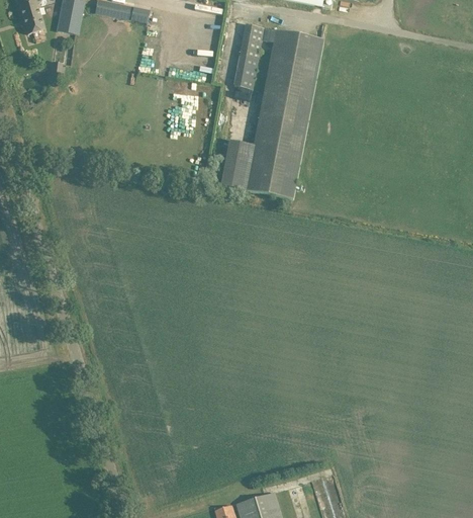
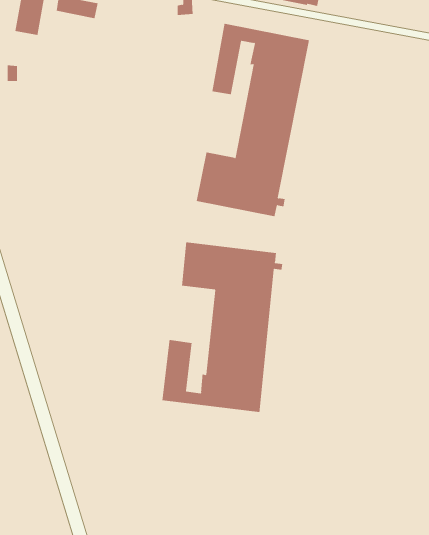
building: none -> [162,241,283,413]

